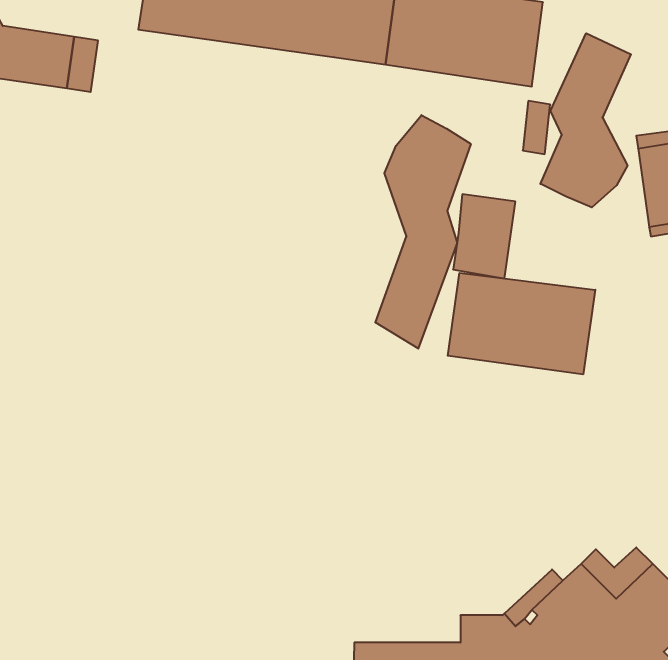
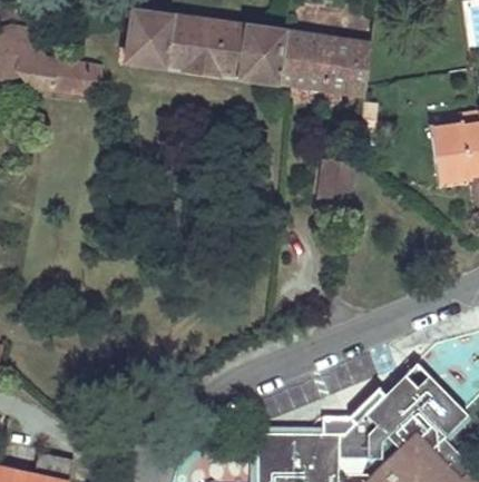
building: [540,33,631,207] -> none
building: [375,115,471,349] -> none
building: [448,273,595,374] -> none

